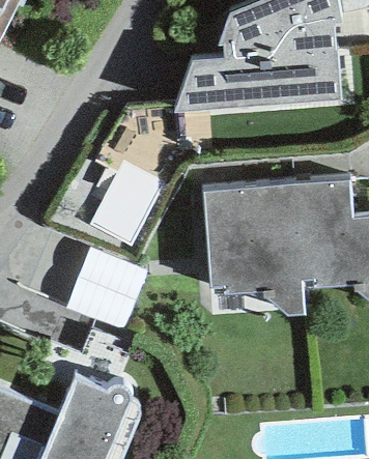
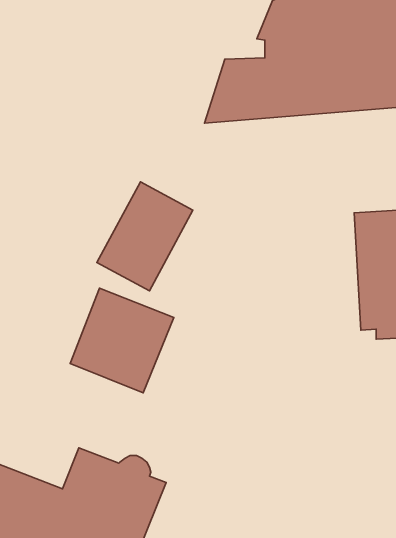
building: [203,184,305,314] -> none

